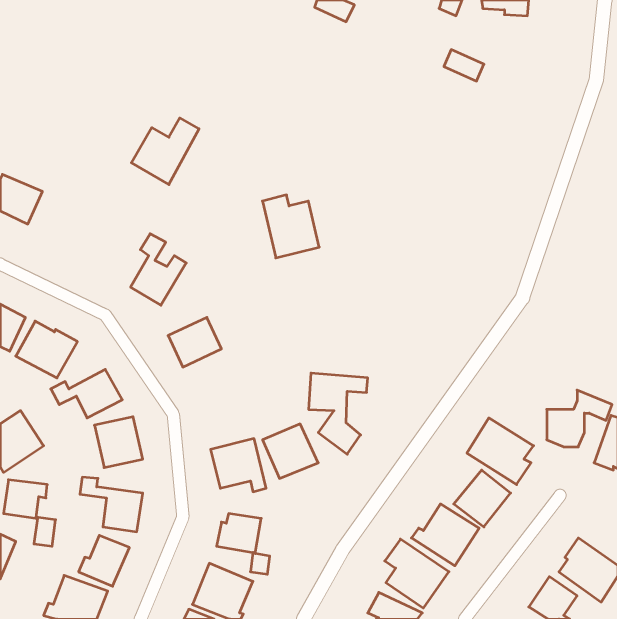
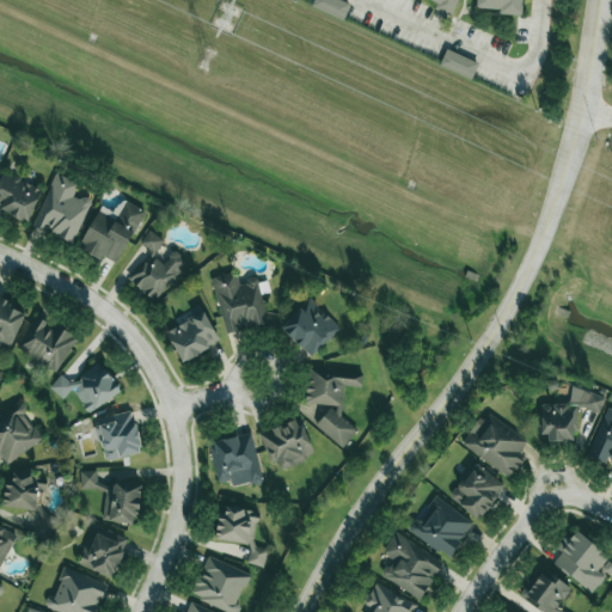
building: [131,118,199,185] -> [79,201,146,267]
building: none -> [33,173,91,243]
building: [262,195,319,258] -> [213,273,269,335]
building: none -> [281,299,341,357]

